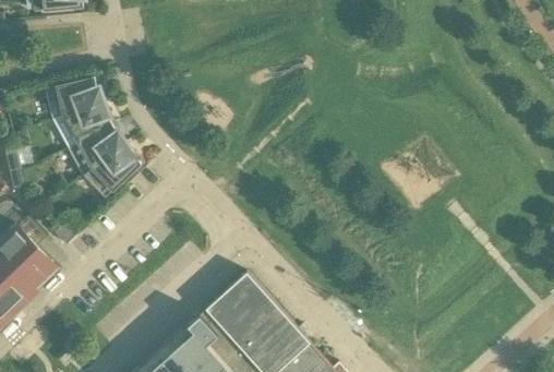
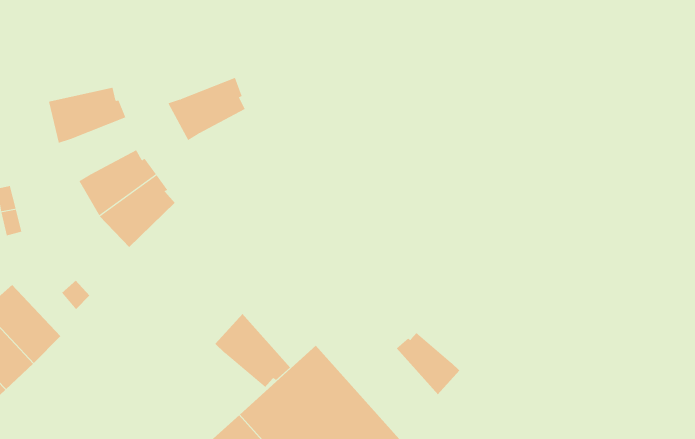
building: [51,100,110,148] -> [167,77,246,141]
building: none -> [214,313,291,388]
building: none -> [396,332,460,395]

